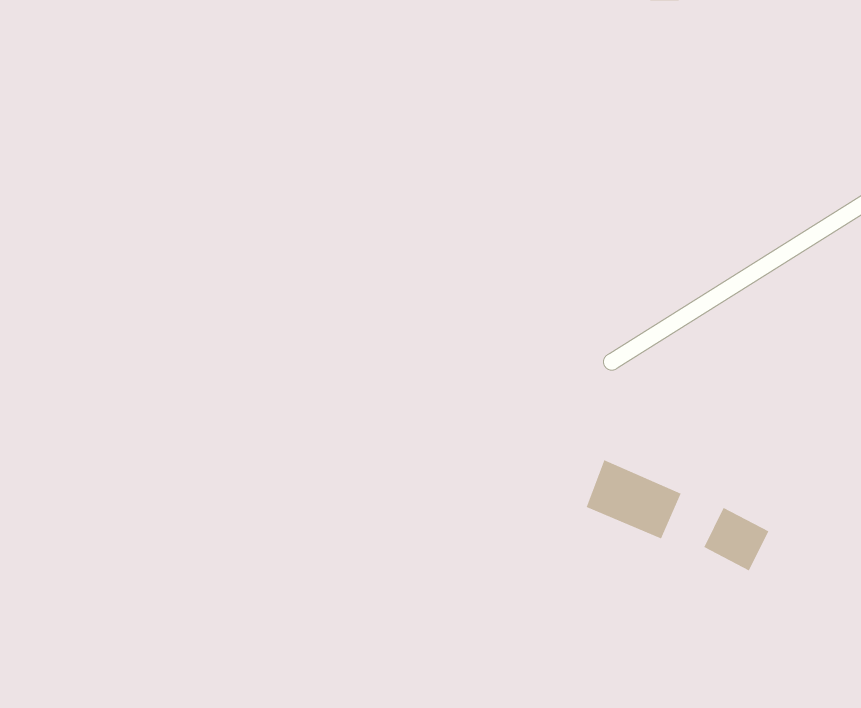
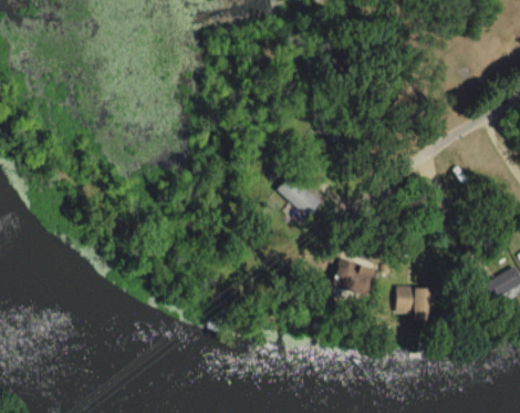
building: none -> [277,175,319,218]

